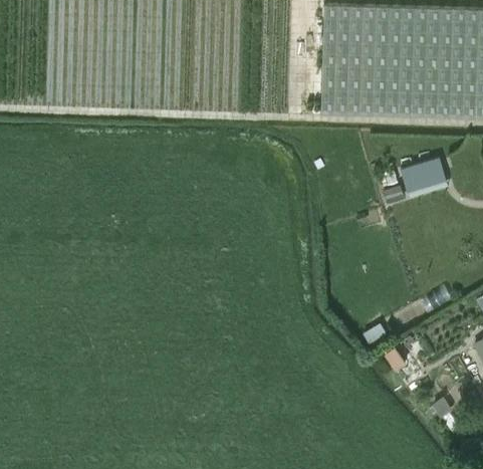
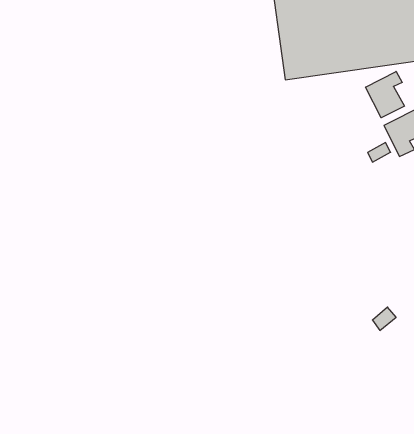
building: none -> [366,71,404,118]

